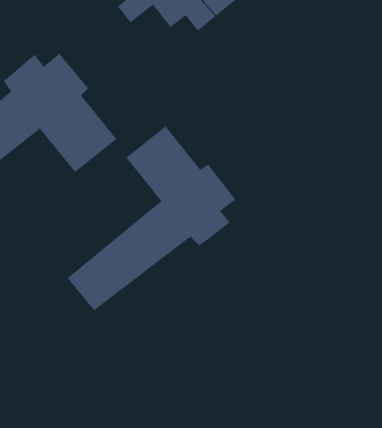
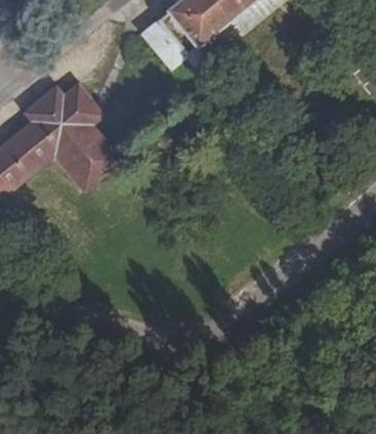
building: [67,125,236,311] -> none

